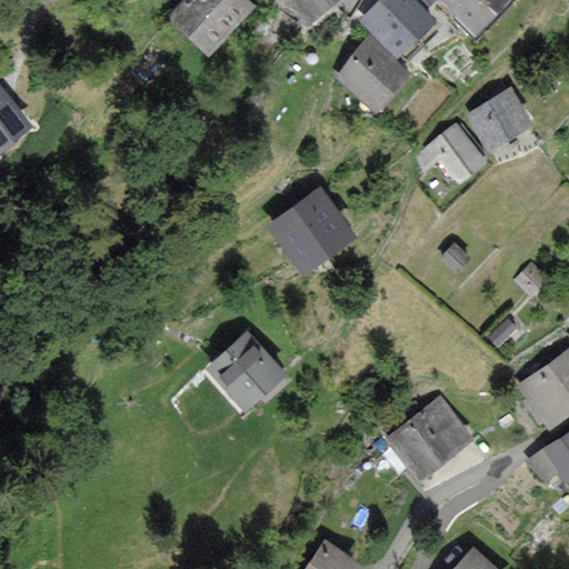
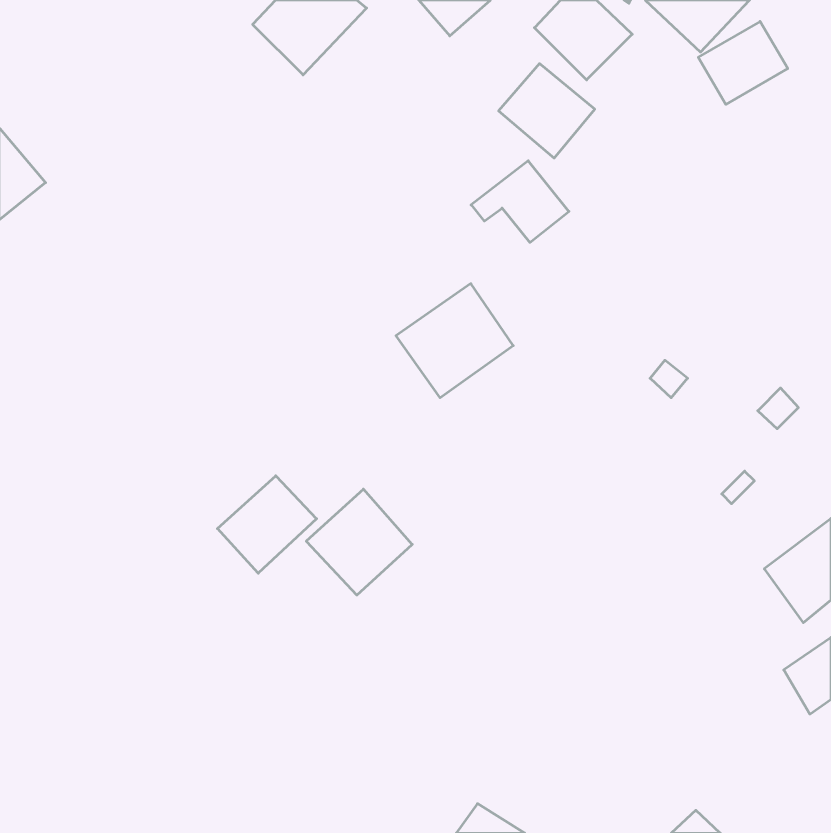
building: [469,92,530,149] -> [698,21,788,104]
building: [418,124,485,180] -> [471,161,569,242]
building: none -> [217,476,317,573]
building: [395,402,469,475] -> none

